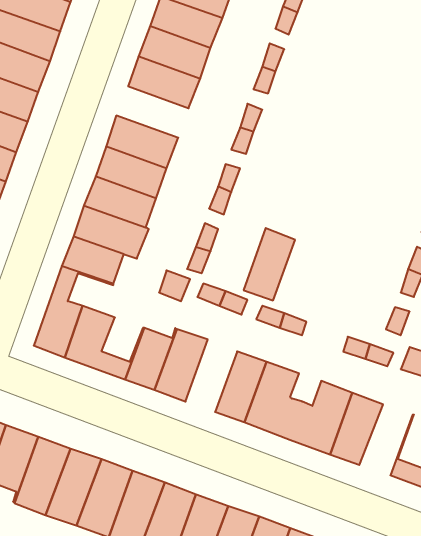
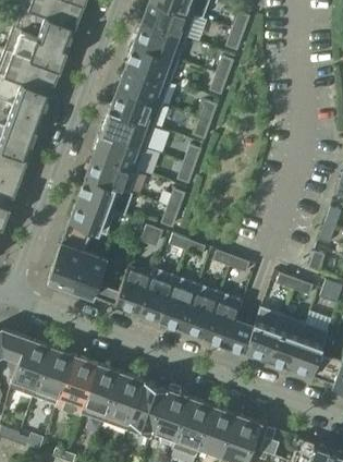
building: none -> [109,88,162,126]
building: [244,228,295,300] -> [160,276,198,329]
building: none -> [289,324,328,376]

